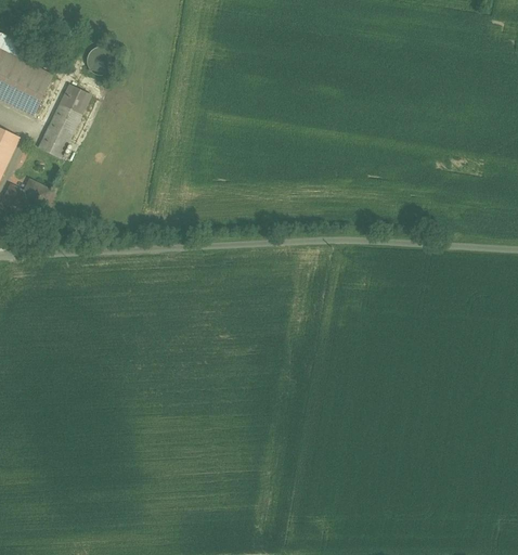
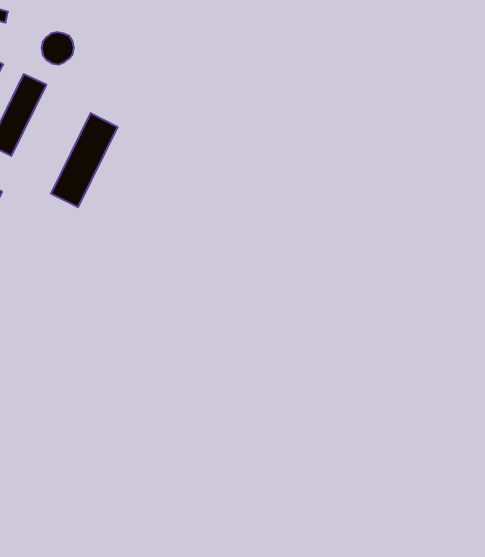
building: none -> [51,113,117,207]

